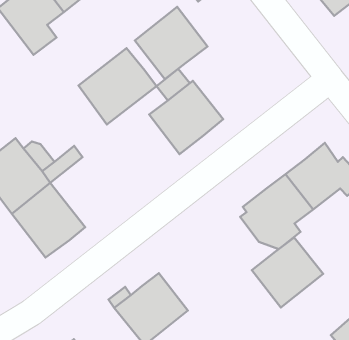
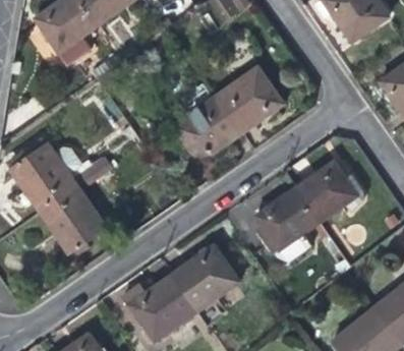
building: [135,7,208,79] -> [215,65,283,132]
building: [78,48,156,124] -> none
building: [252,238,323,308] -> [173,245,240,310]

